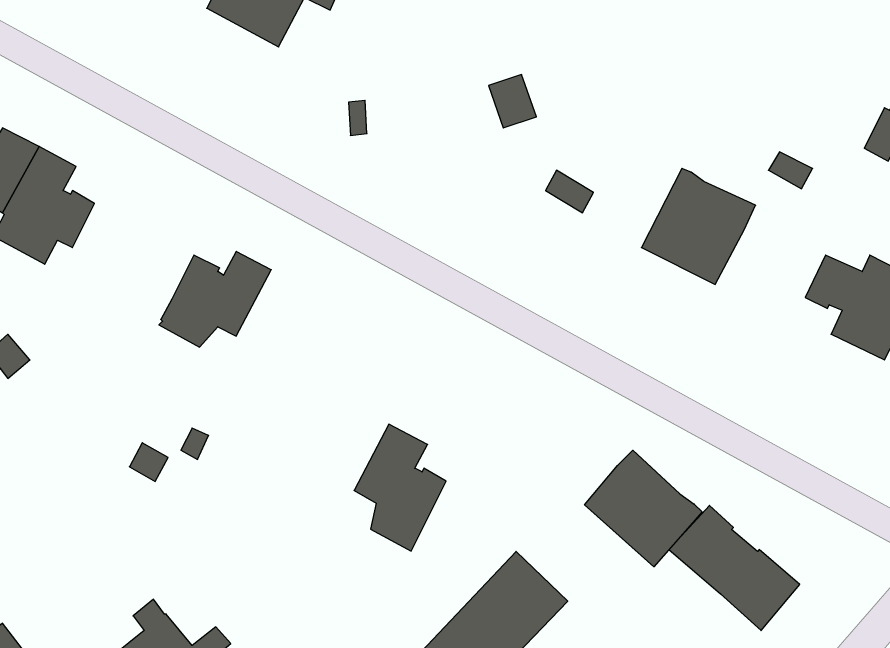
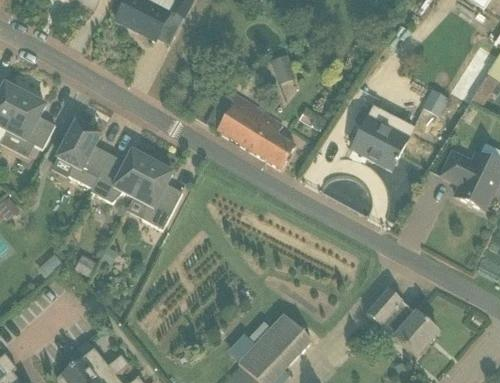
building: none -> [206,90,295,168]
building: none -> [57,120,109,187]
building: [354,424,446,551] -> [132,160,182,229]
building: [585,450,702,567] -> none

